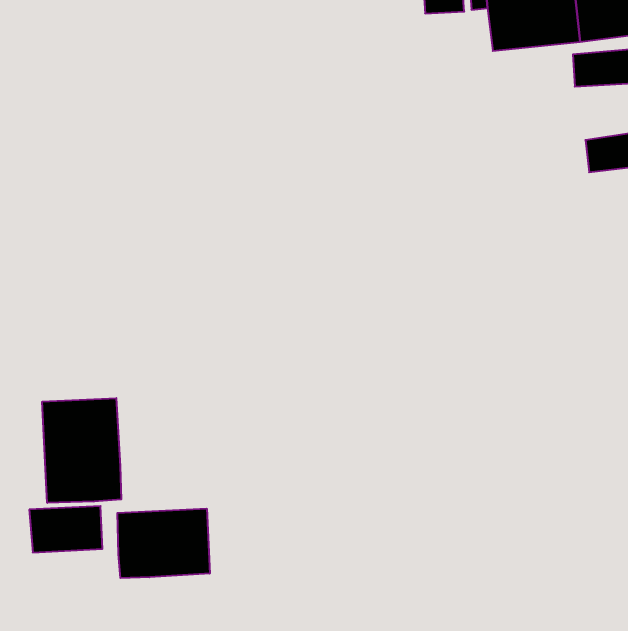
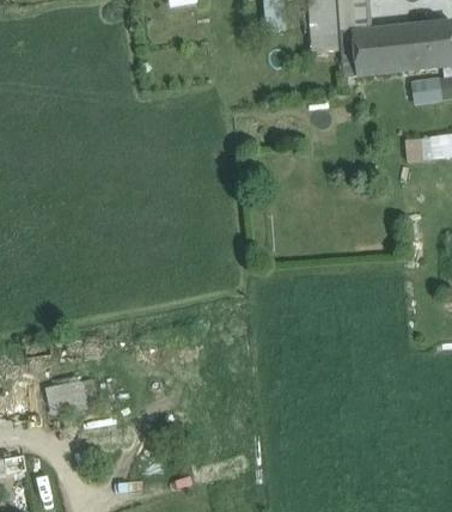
building: [42,398,121,503] -> none
building: [117,509,210,578] -> none

